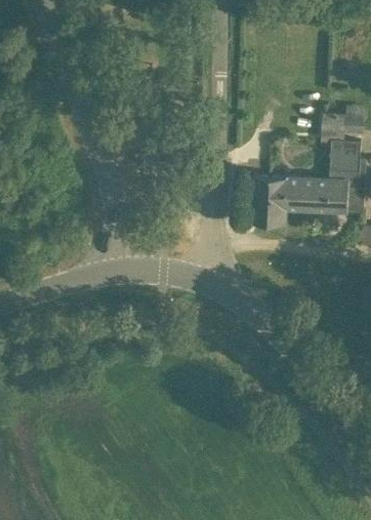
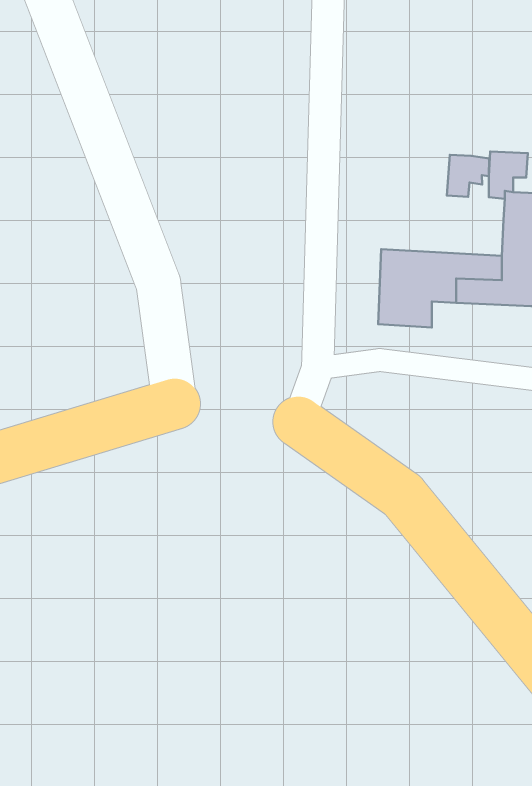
building: none -> [447,155,489,197]

